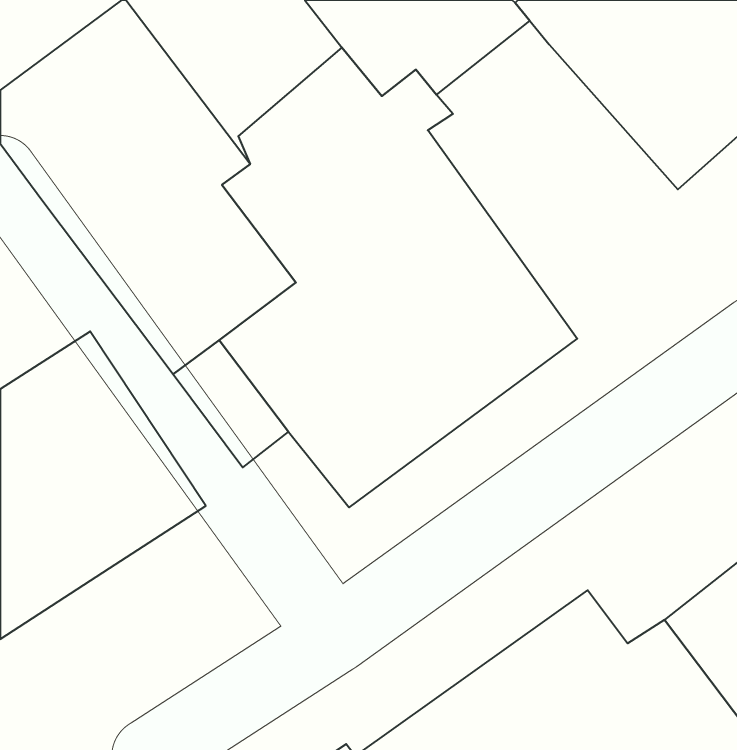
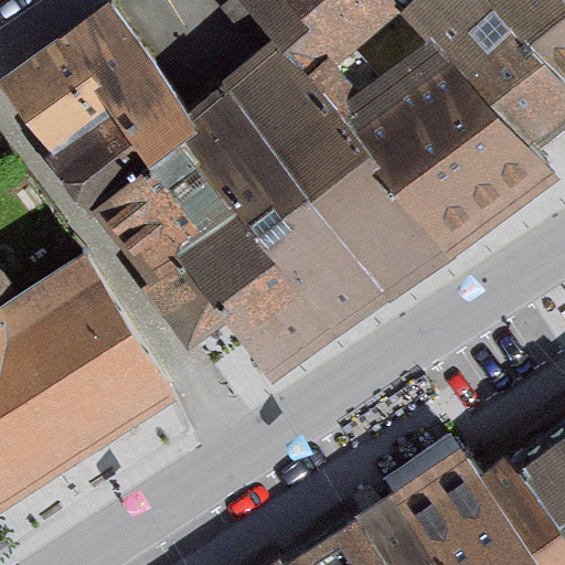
building: none -> [333,38,550,257]

